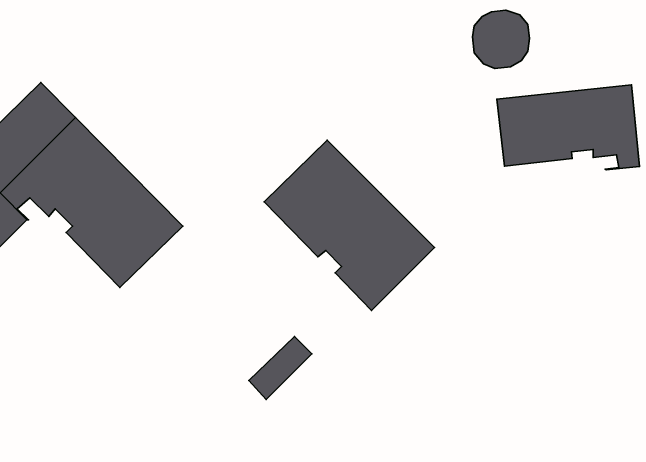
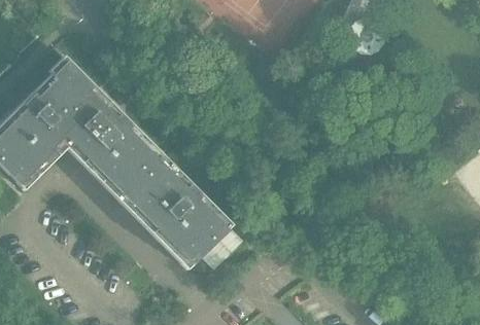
building: [497,85,640,170] -> none
building: [264,140,434,311] -> [121,156,232,267]

